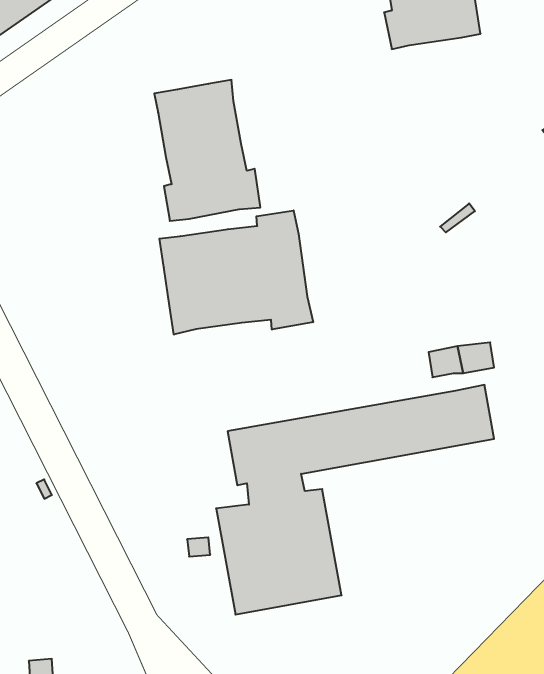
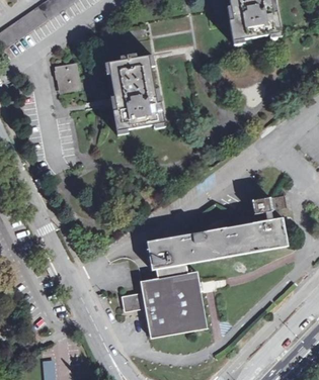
building: none -> [54,65,78,92]
building: [159,210,313,335] -> none

